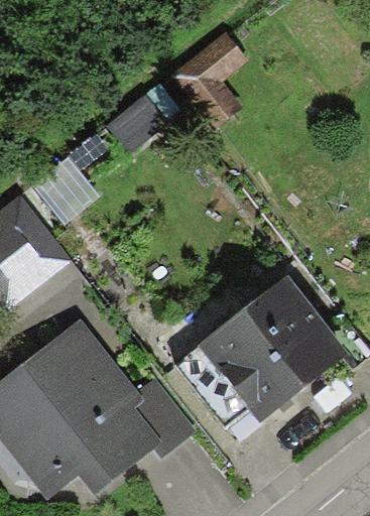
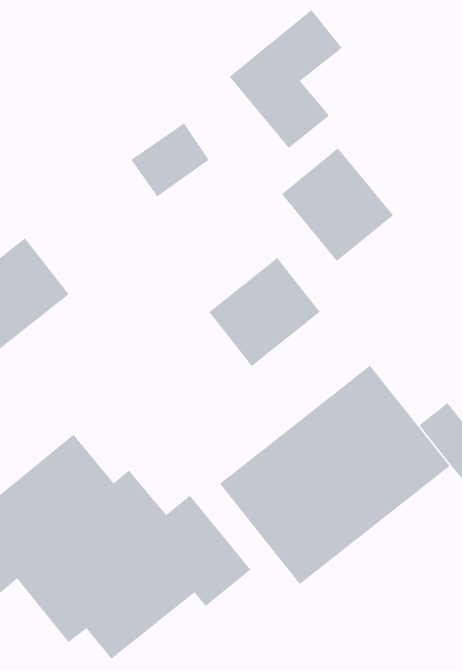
building: none -> [281,148,394,262]
building: none -> [208,257,321,367]

